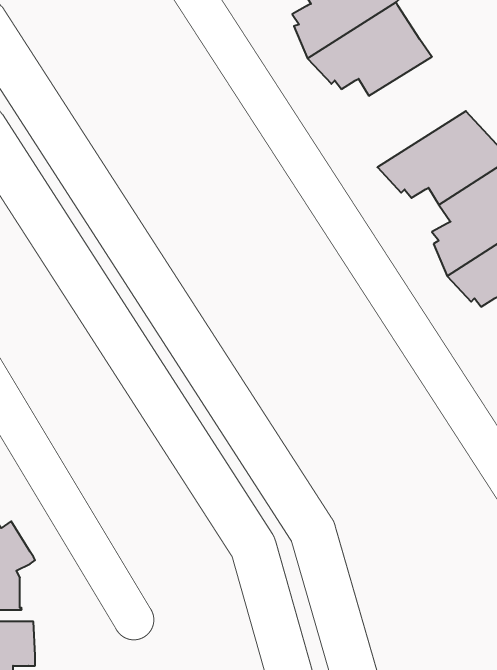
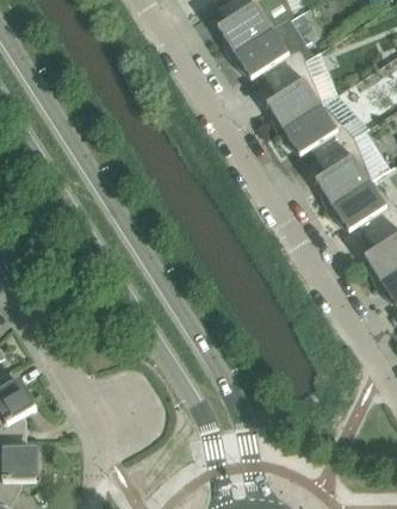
building: none -> [267,50,339,132]

